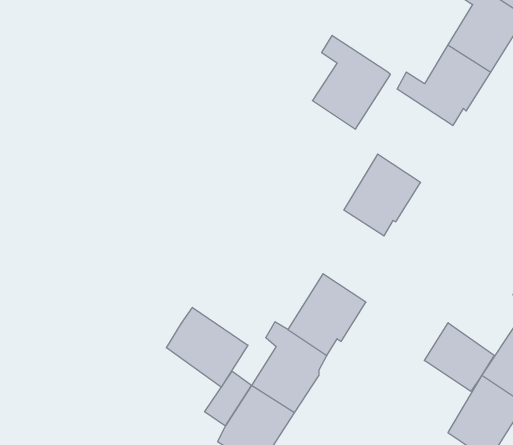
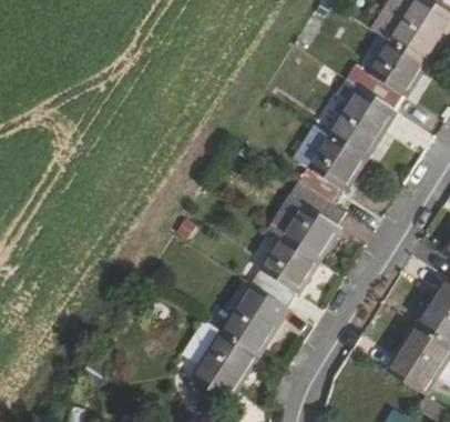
building: [312,36,390,129] -> [327,79,393,159]
building: none -> [280,182,342,261]
building: [166,307,248,387] -> none
building: [424,323,494,391] -> none

